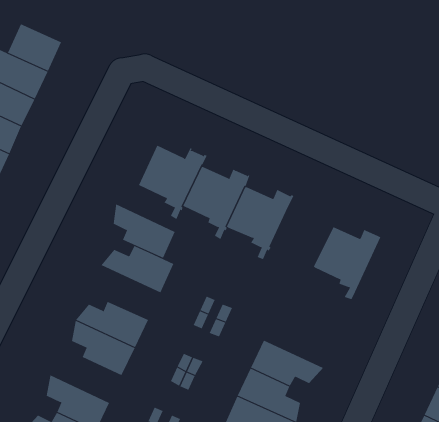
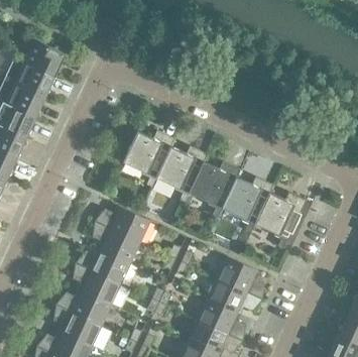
building: [113,204,176,258] -> [93,222,140,263]
building: none -> [223,177,274,233]
building: none -> [218,257,265,300]
building: none -> [56,291,111,326]

